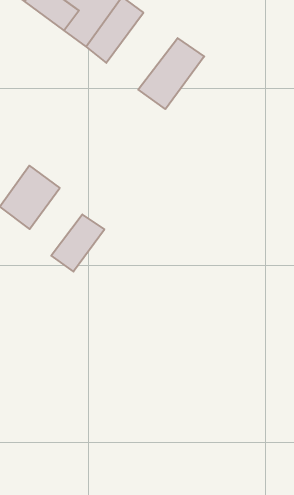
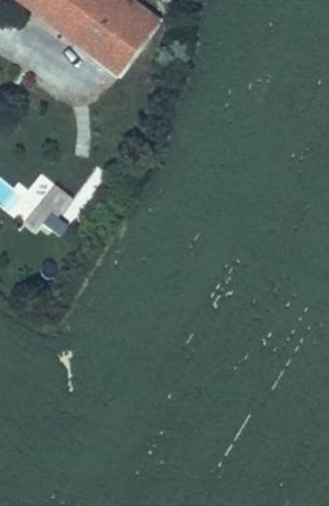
building: [138,38,204,109] -> none
building: [51,214,104,272] -> none

